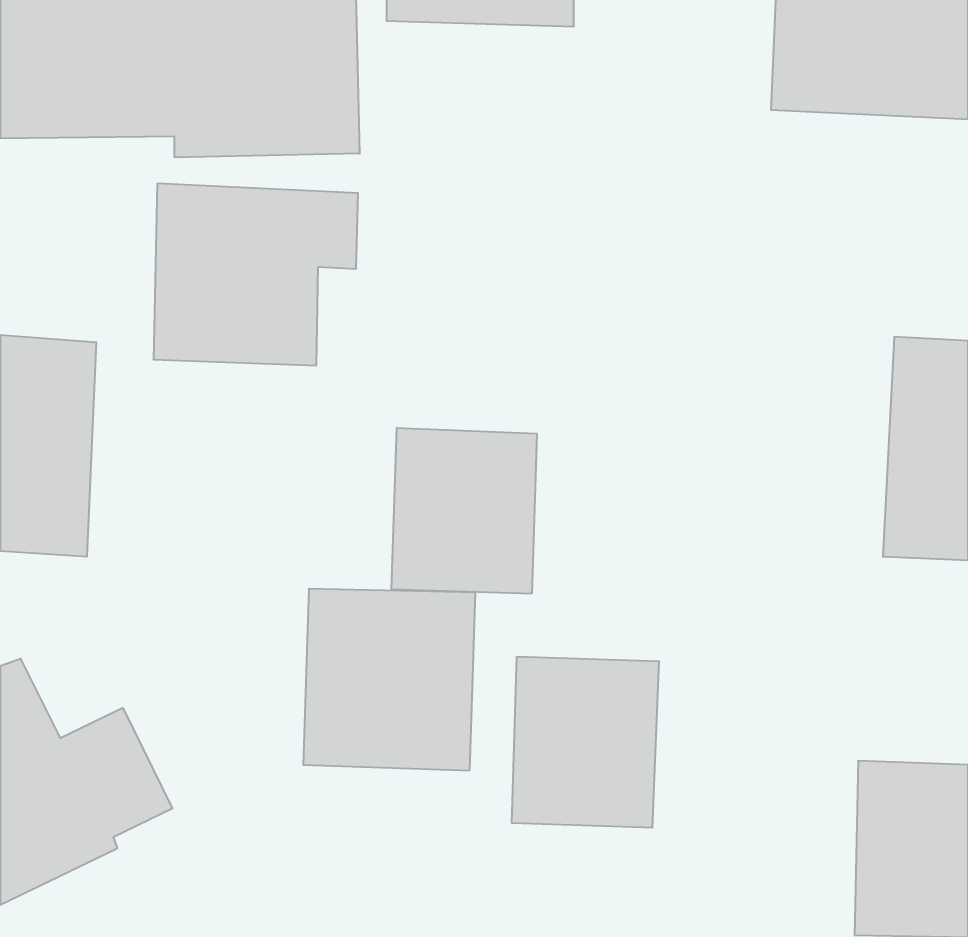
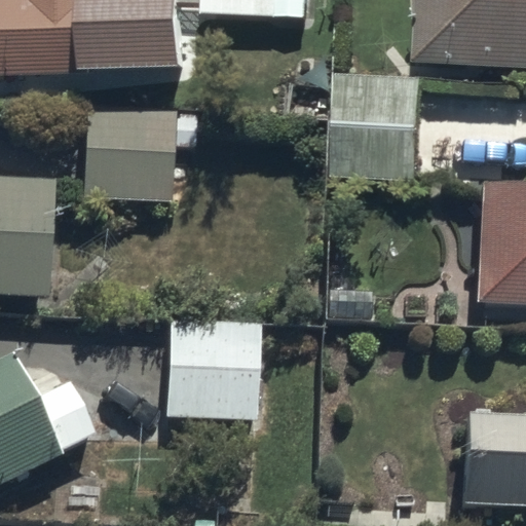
building: none -> [332,70,425,175]
building: [392,428,537,594] -> none
building: [512,657,659,828] -> none

